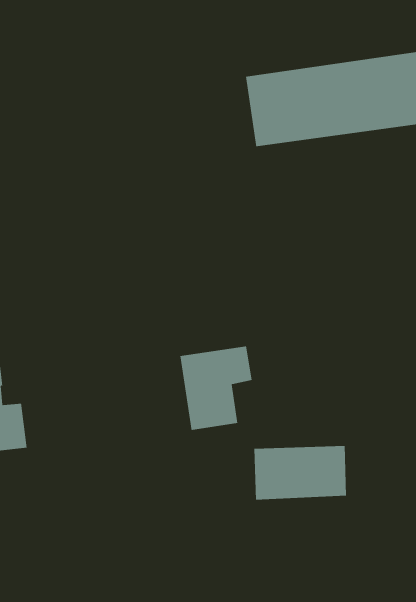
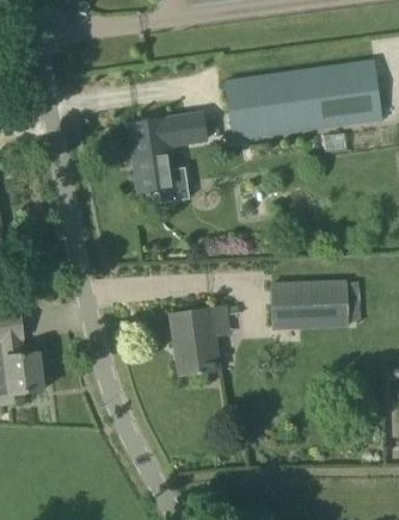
building: none -> [128,112,207,200]
building: [254,446,347,500] -> [270,281,348,327]

